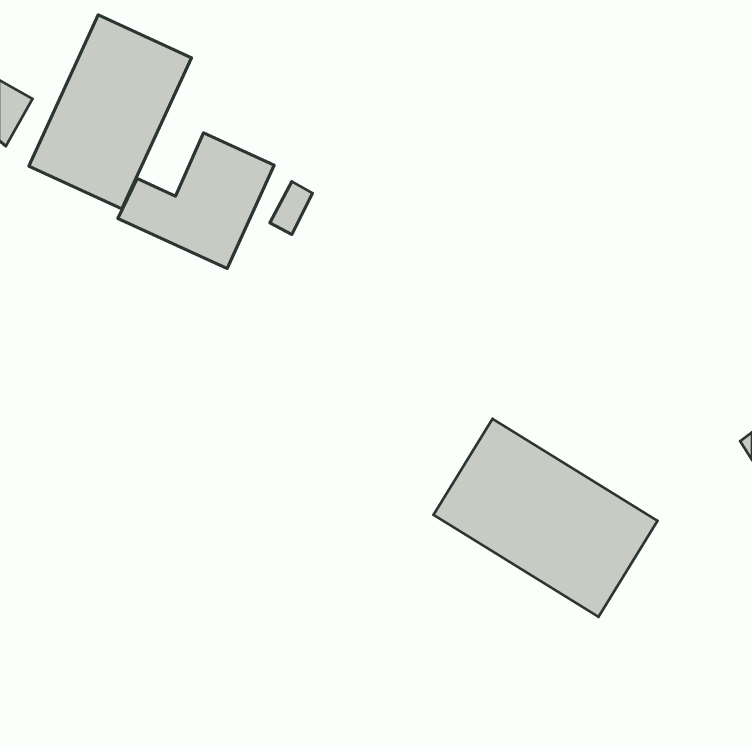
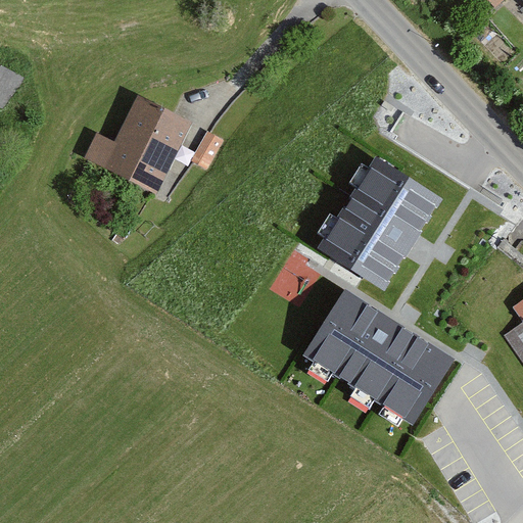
building: [29,15,191,209] -> none
building: none -> [317,157,441,292]

